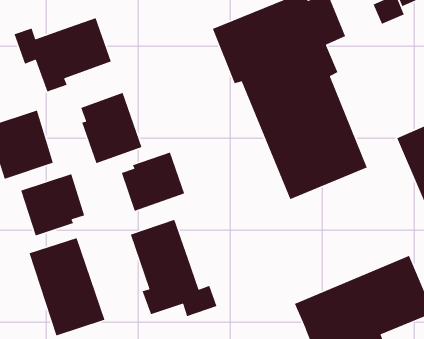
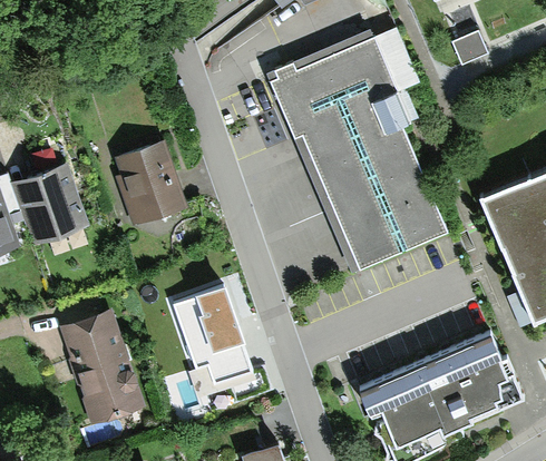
building: [14,17,112,92] -> none
building: [121,151,185,212] -> none
building: [20,173,85,236] -> none

